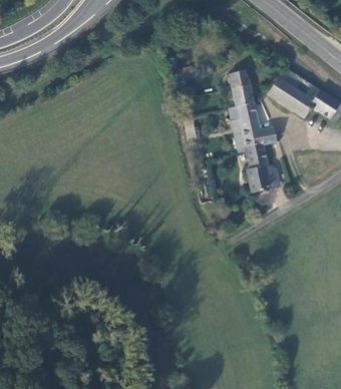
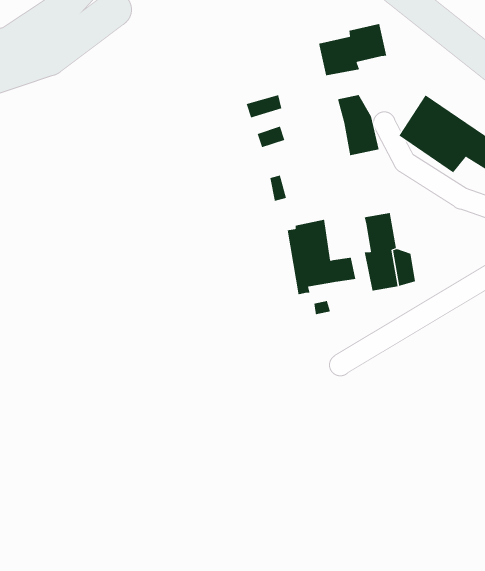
building: none -> [319,23,387,76]
building: [231,102,275,150] -> [287,219,356,295]

